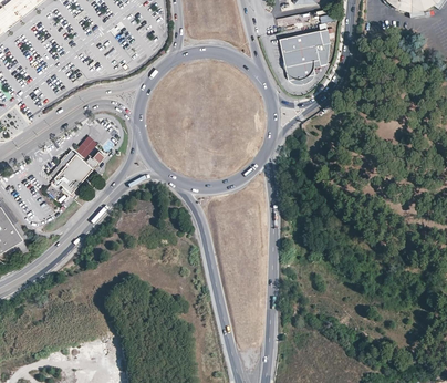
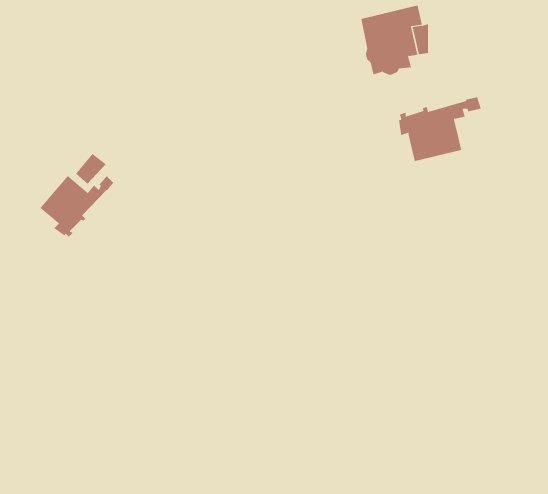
building: none -> [398,96,481,162]

